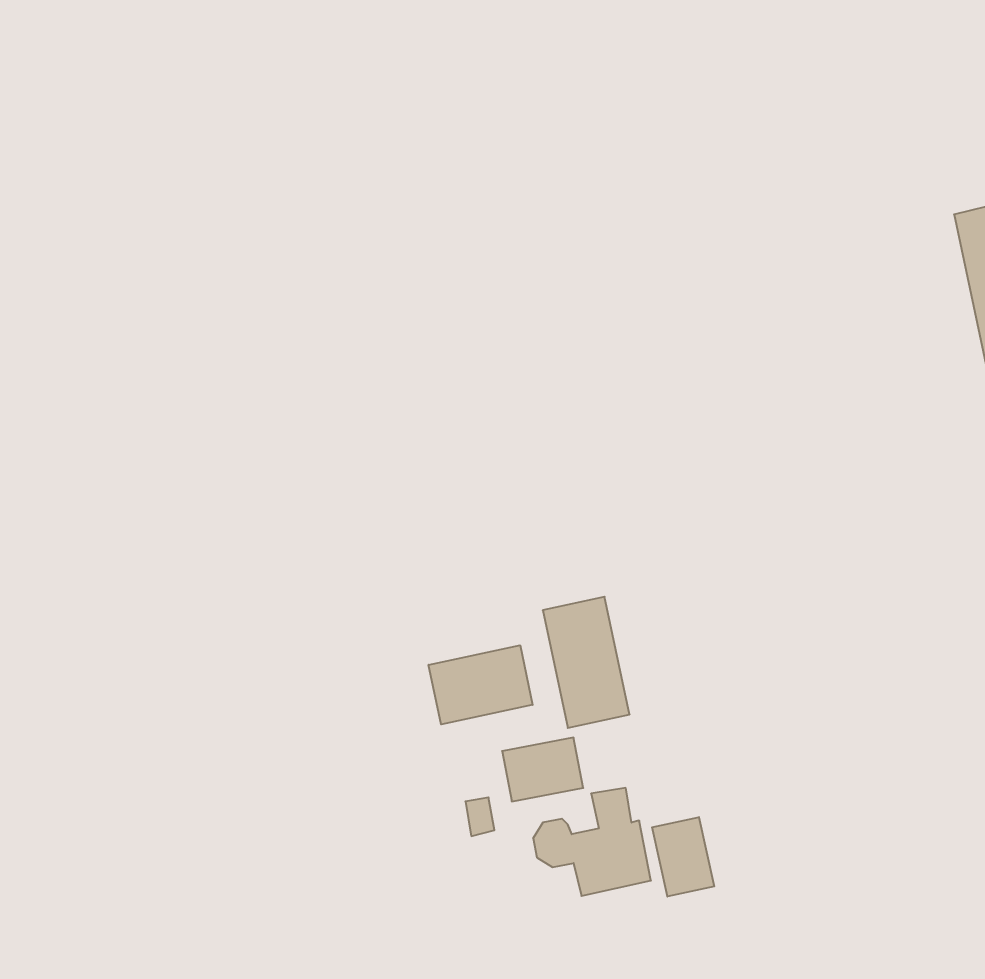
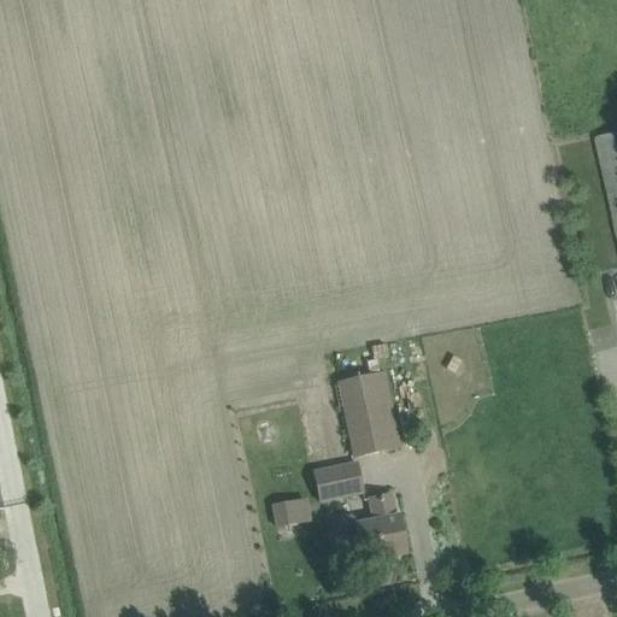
building: [429,645,533,724] -> none
building: [652,817,714,897] -> none

